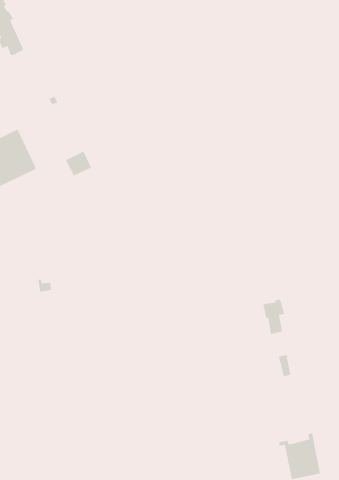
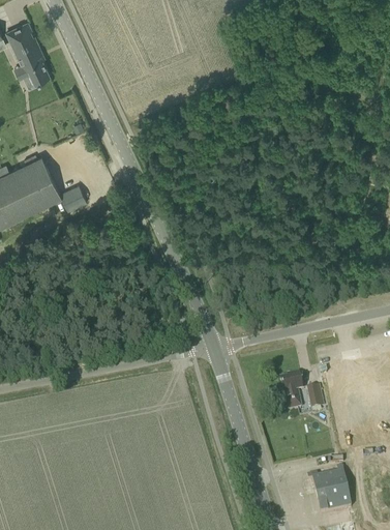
building: [65,151,92,176] -> [61,186,88,212]
building: [262,299,285,335] -> [280,375,303,411]

